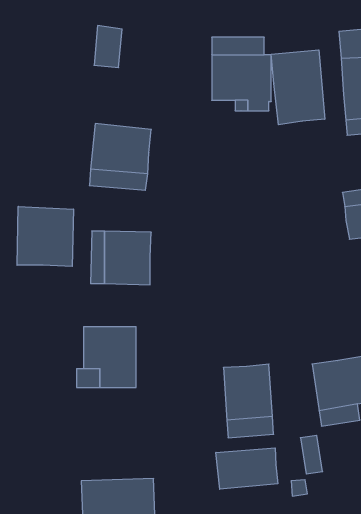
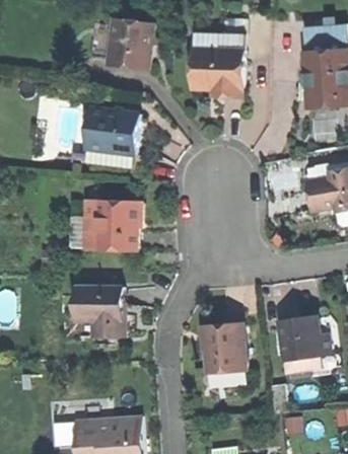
building: none -> [110,20,152,70]
building: [271,50,325,125] -> none
building: [17,206,73,266] -> none
building: [216,448,278,489] -> none

